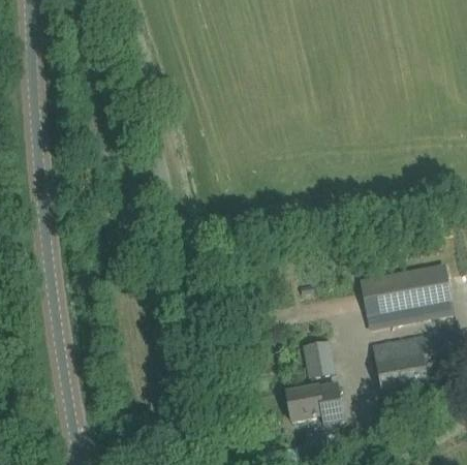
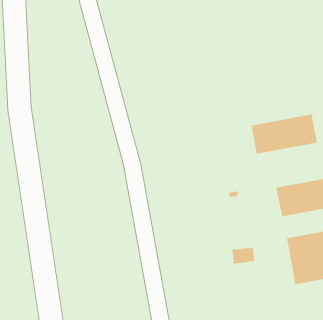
building: none -> [251,113,317,155]
building: [285,382,342,422] -> none

